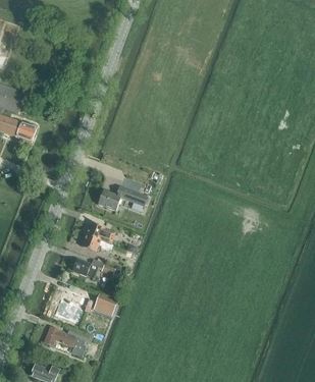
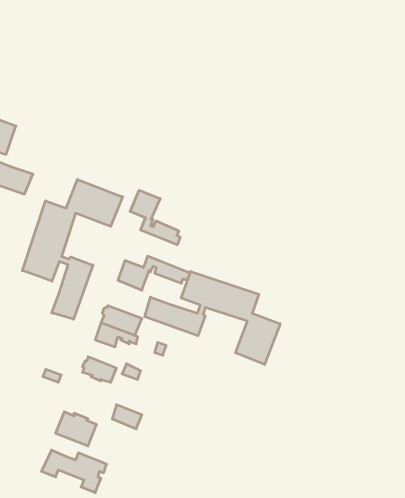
building: none -> [22,179,123,319]
building: none -> [130,190,180,245]
building: none -> [145,271,280,365]

